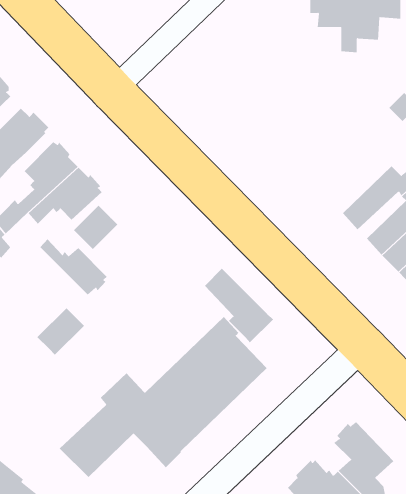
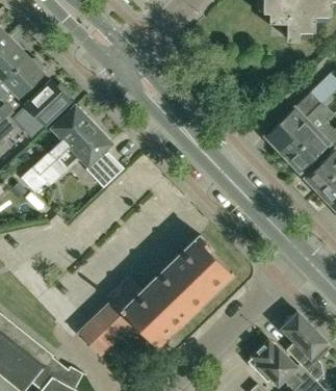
building: none -> [265,94,327,160]
building: [39,239,108,296] -> none
building: [204,268,274,343] -> none
building: [37,308,85,356] -> none

